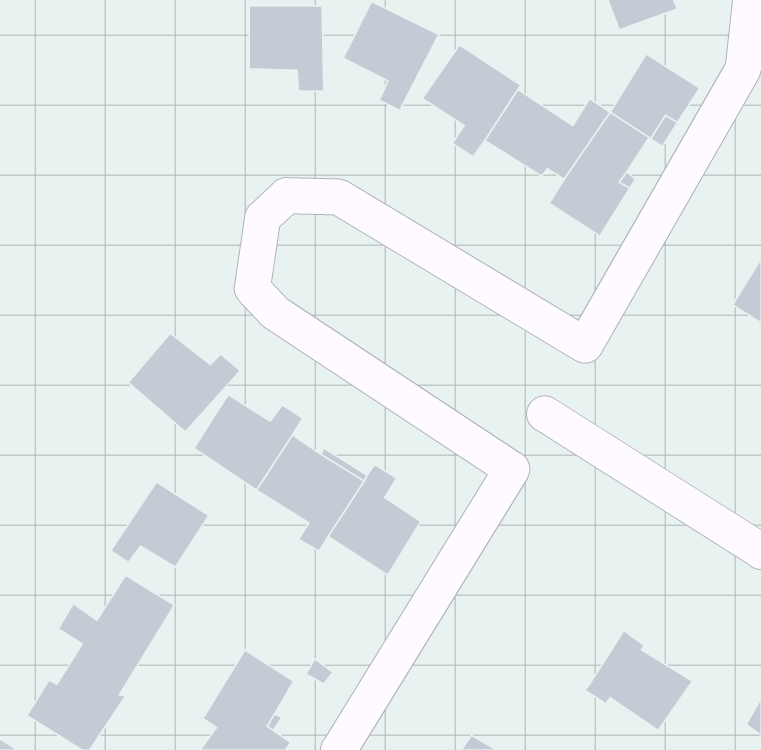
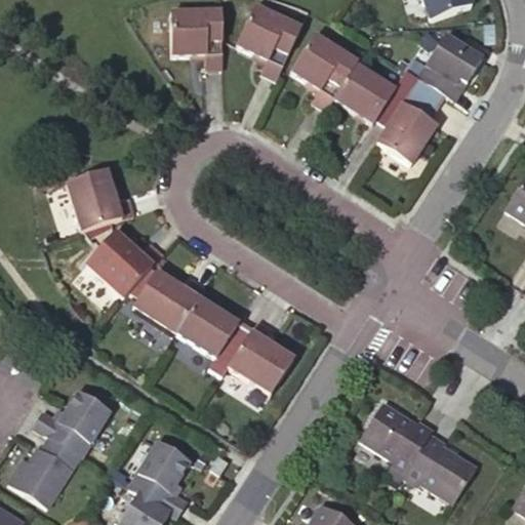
building: none -> [65,168,136,231]
building: [110,482,209,567] -> none
building: none -> [360,401,432,470]

